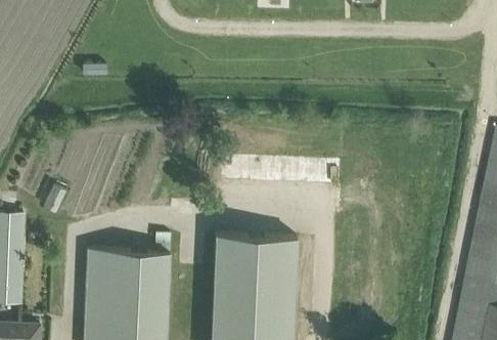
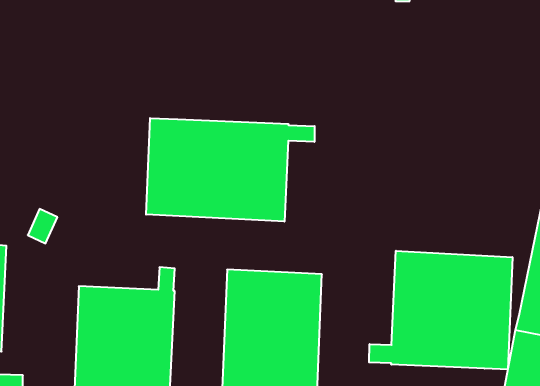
building: none -> [146,118,315,222]
building: none -> [369,251,512,370]

